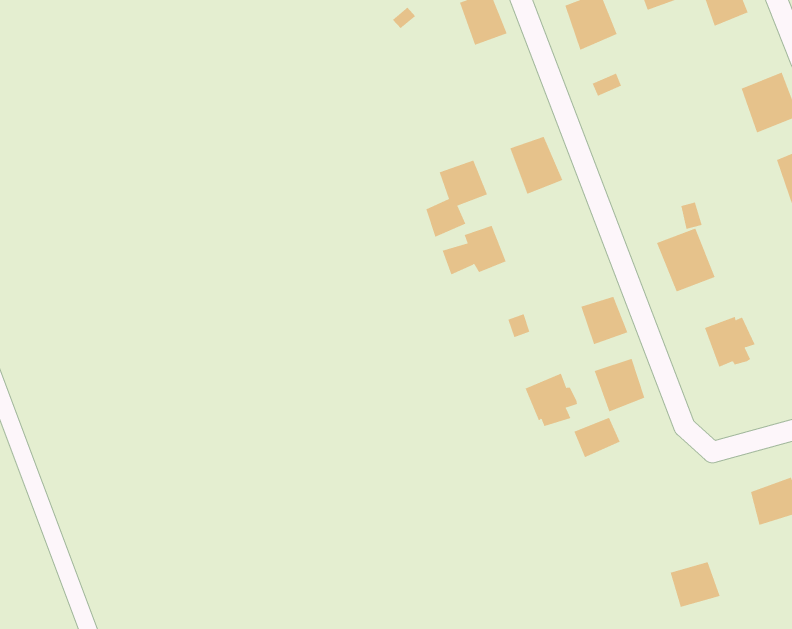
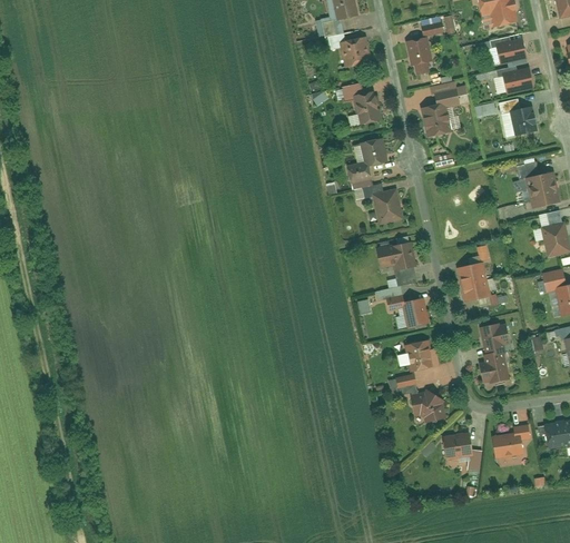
building: [425,160,488,237] -> [347,138,389,184]
building: [442,225,506,275] -> [376,241,416,270]
building: none -> [481,352,509,384]
building: [525,373,578,427] -> none
building: none -> [411,388,446,423]
building: [670,561,720,608] -> [443,433,473,460]

